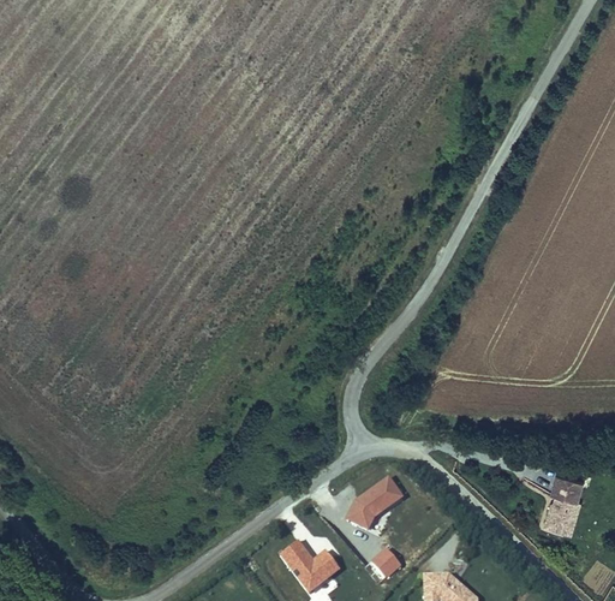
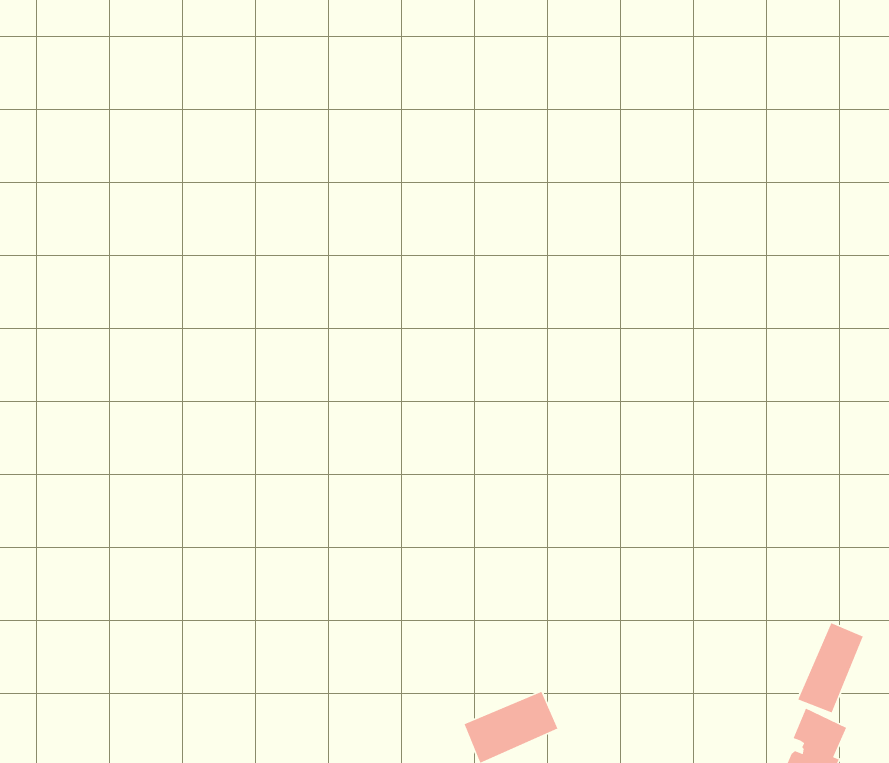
building: none -> [797,622,864,713]

